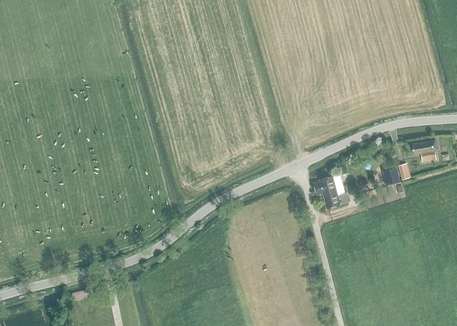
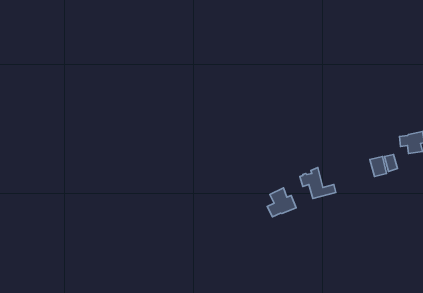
building: none -> [267,188,296,217]

